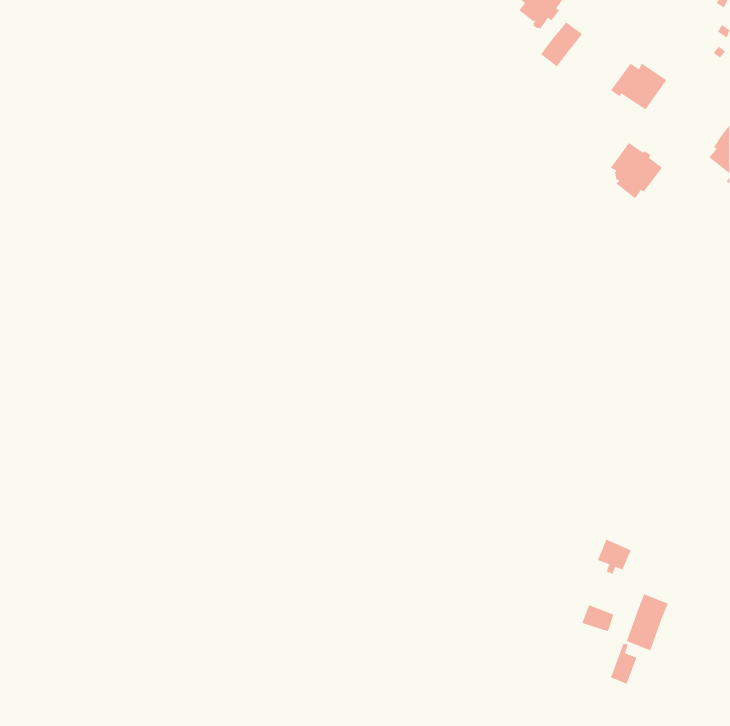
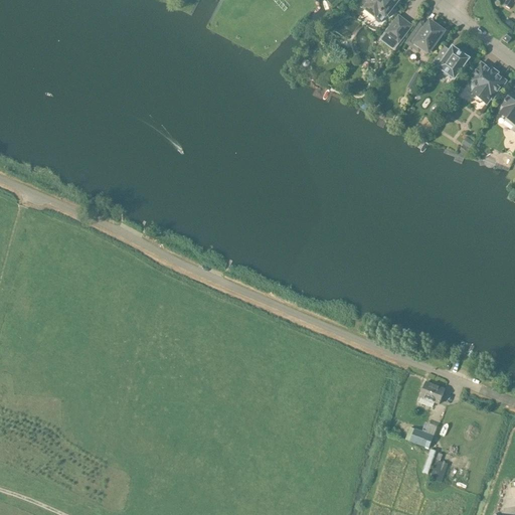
building: none -> [406,20,444,50]
building: [610,142,663,199] -> [468,61,505,102]
building: [626,593,668,651] -> none

